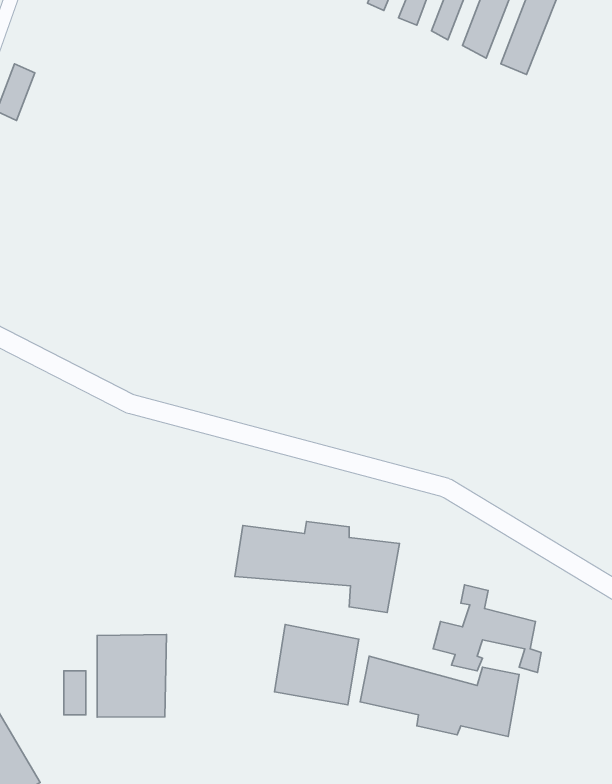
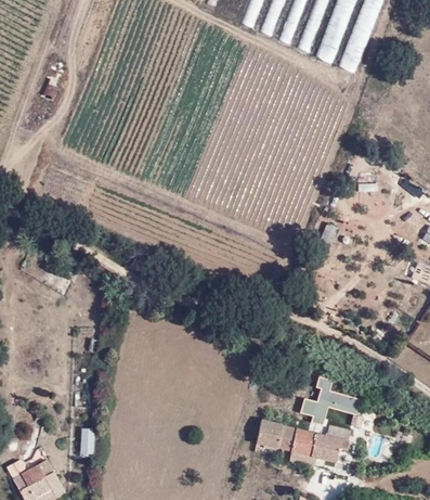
building: [235,521,399,613] -> none
building: [274,625,359,705] -> none
building: [97,634,166,717] -> none

